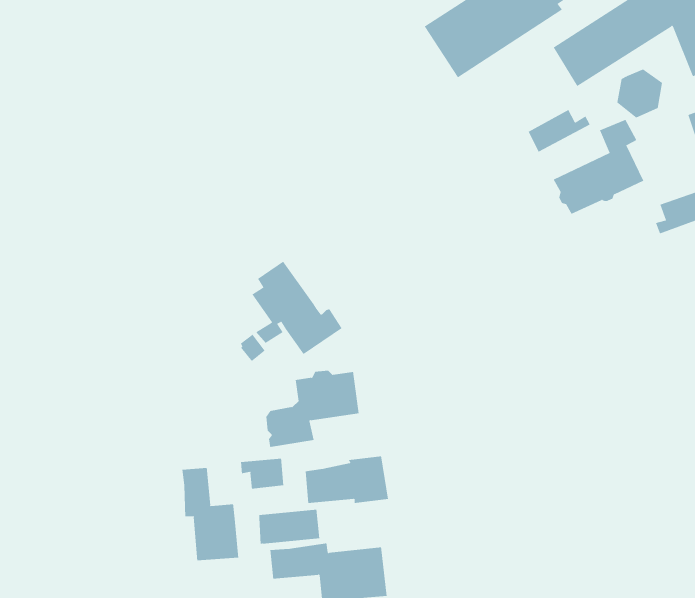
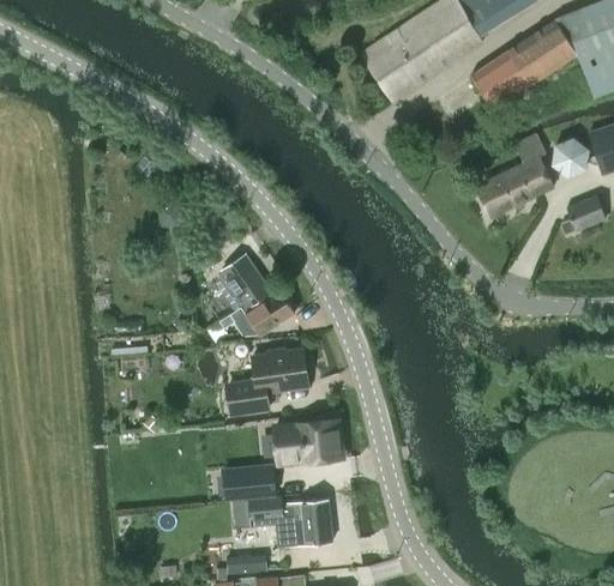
building: [617,69,663,118] -> [550,137,590,179]
building: [528,109,590,153] -> none
building: [240,458,284,489] -> none
building: [182,467,239,561] -> none

